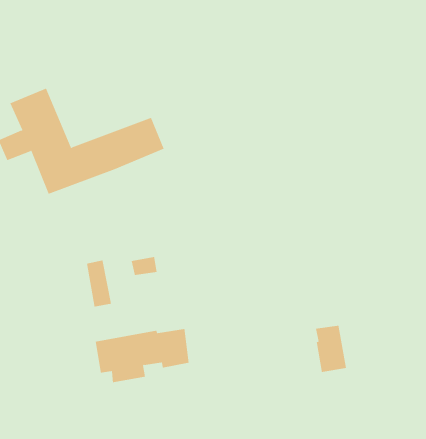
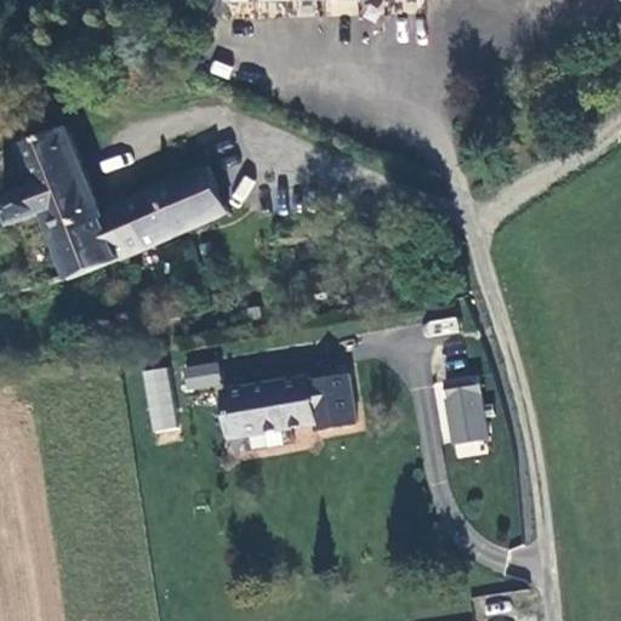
building: [315,325,347,372] -> [444,376,489,443]
building: [95,328,190,383] -> [222,375,355,451]

